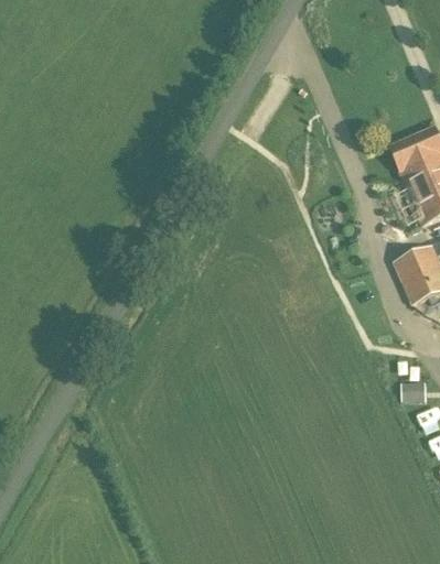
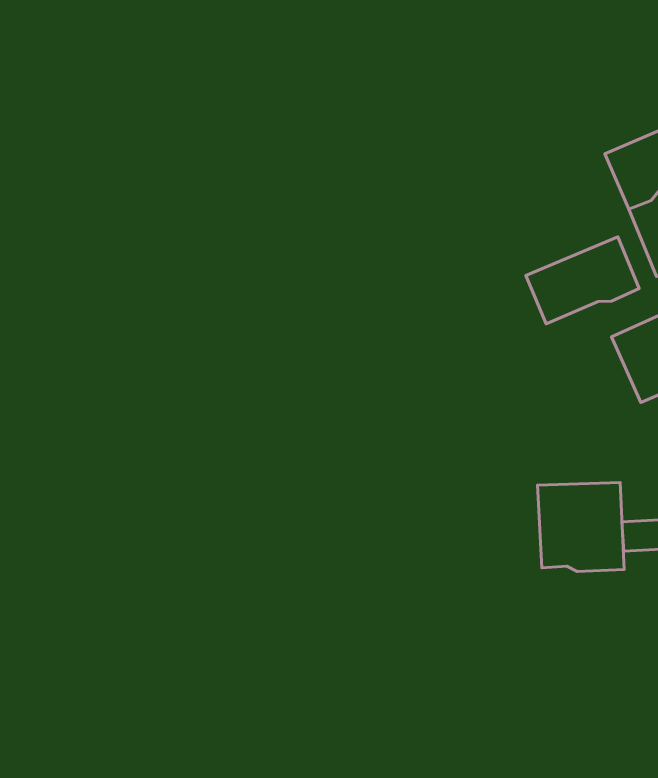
building: none -> [526,237,639,324]
building: none -> [538,482,624,572]

